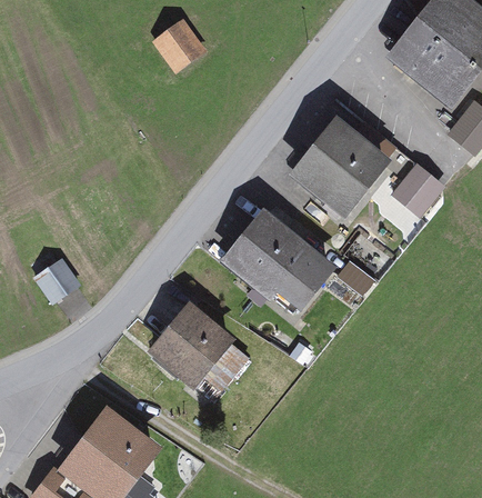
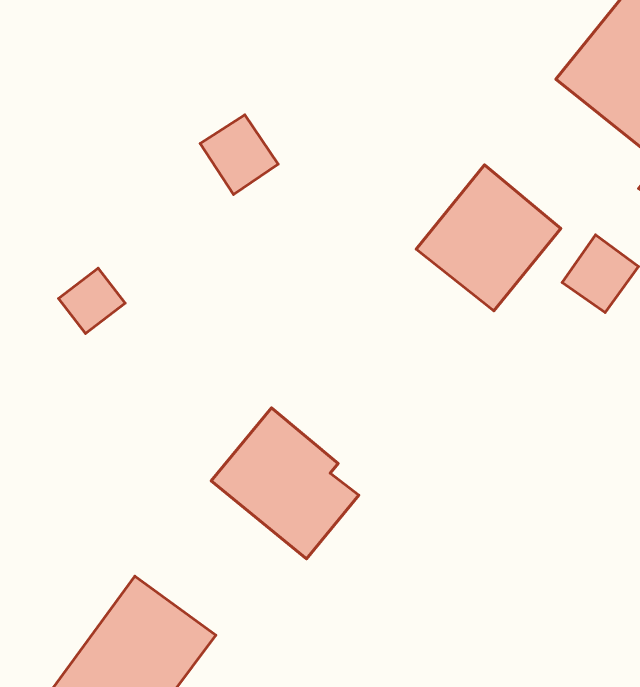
building: [150,21,204,77] -> [200,115,278,194]
building: [221,197,339,301] -> none
building: [36,259,82,305] -> [58,268,125,333]

